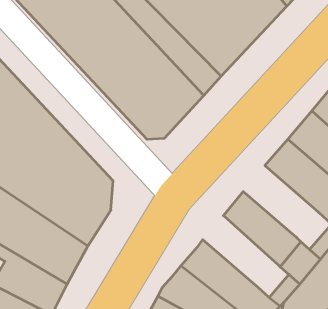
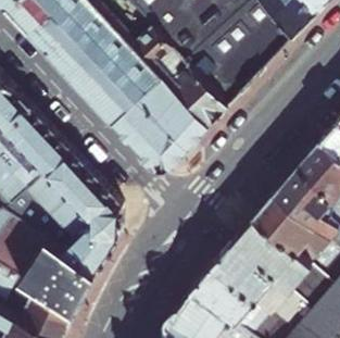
building: none -> [252,192,327,264]
building: none -> [212,242,287,314]

